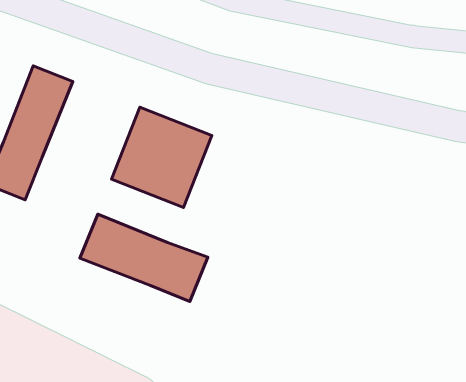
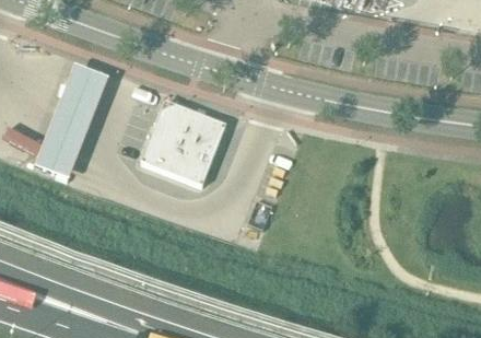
building: [80,214,208,301] -> none

